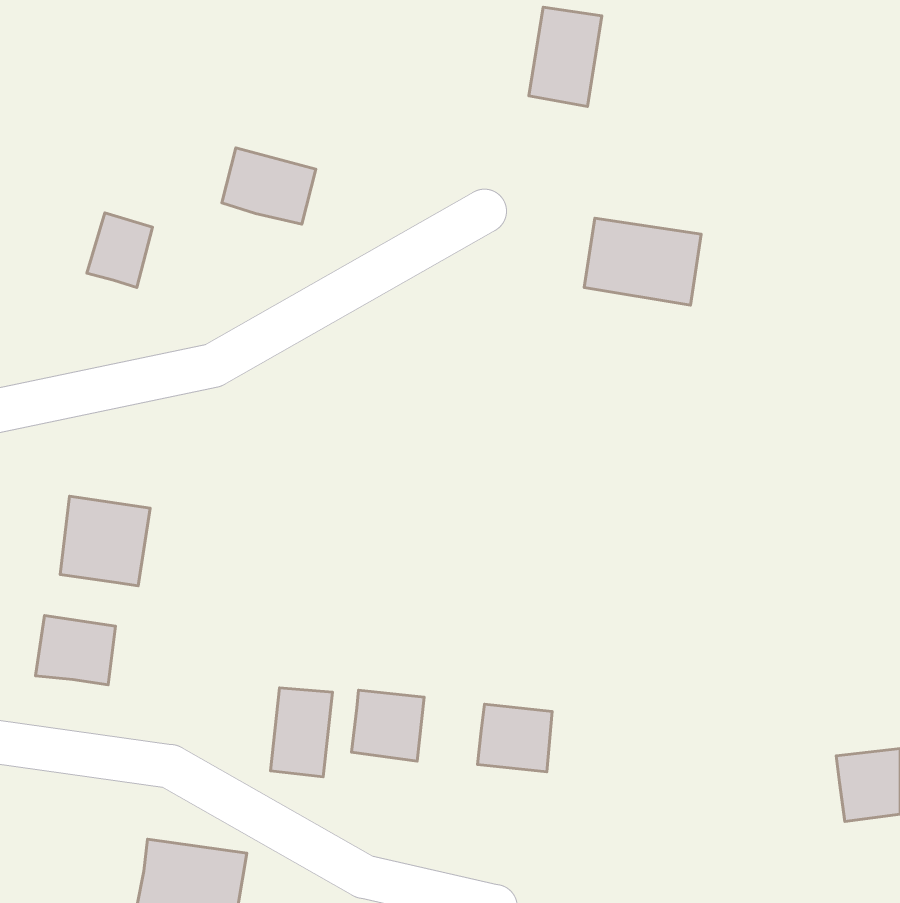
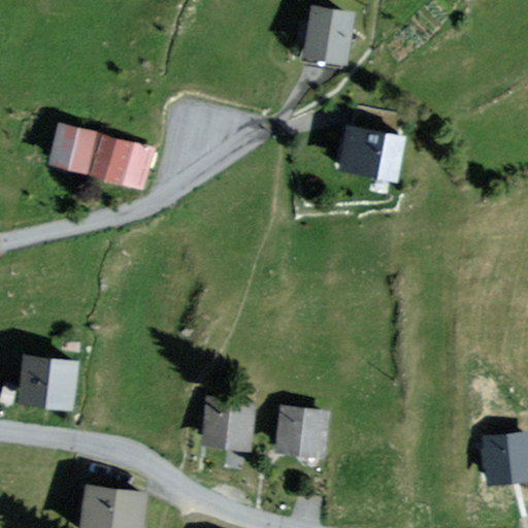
building: [222,148,316,224] -> [90,139,144,184]
building: [60,496,150,586] -> none
building: [270,688,333,777] -> none

